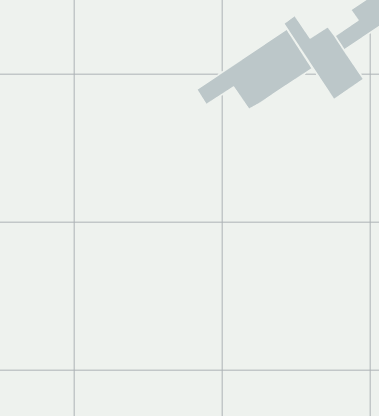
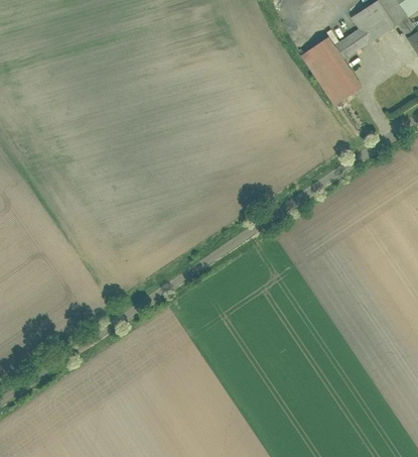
building: [196,29,313,110] -> none

